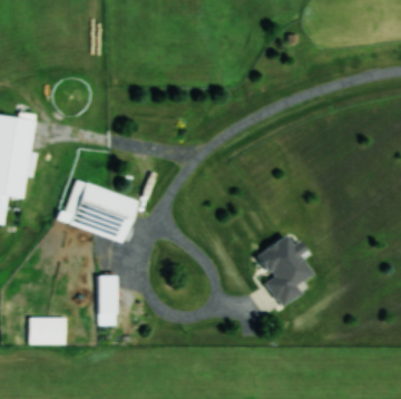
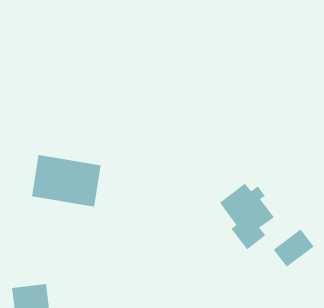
building: [98,275,118,317] -> none
building: none -> [273,228,314,268]

